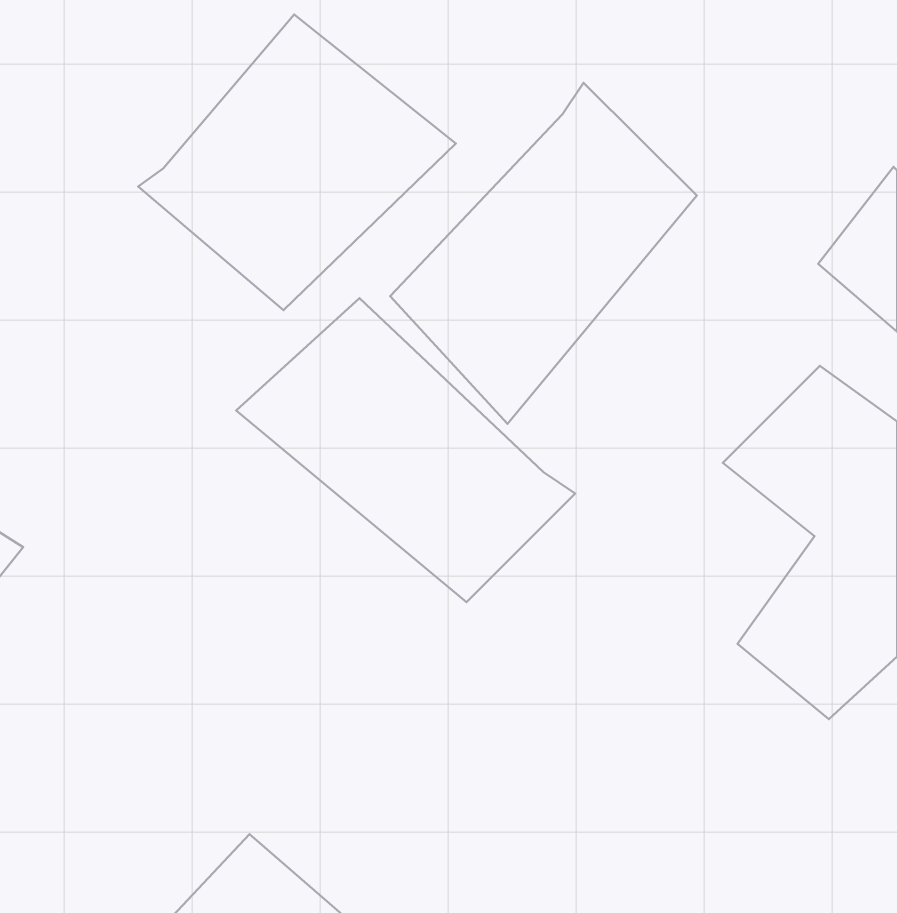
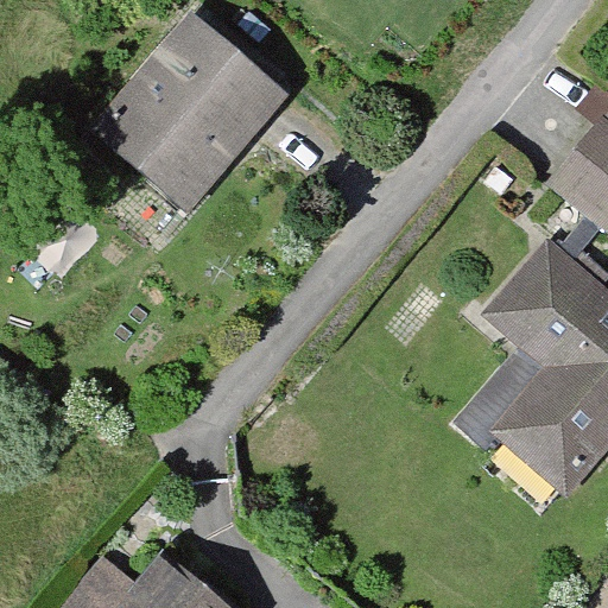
building: [390,83,697,424] -> none
building: [236,298,575,602] -> none

